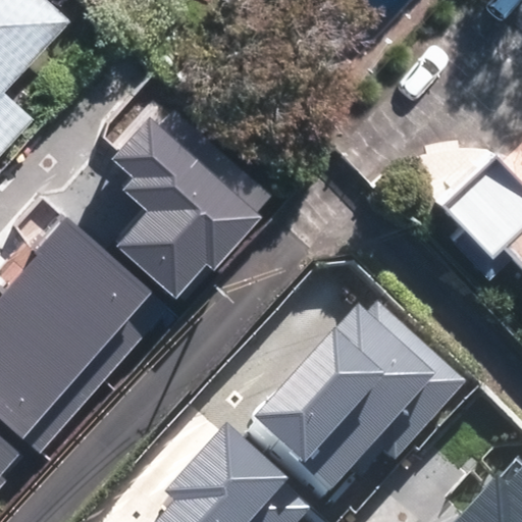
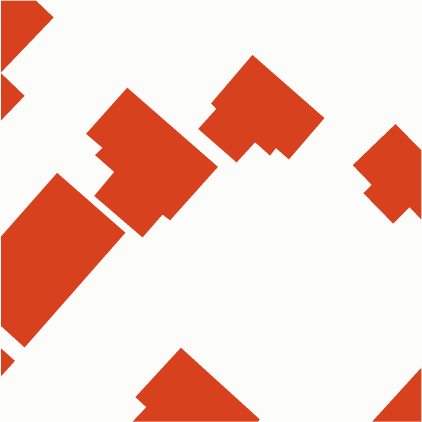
building: none -> [197,54,325,164]
building: [253,295,466,499] -> none

